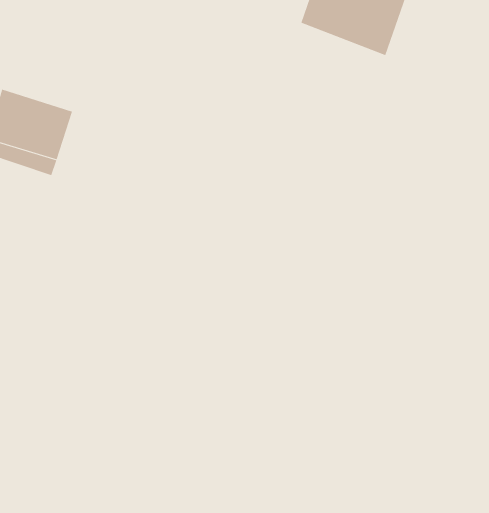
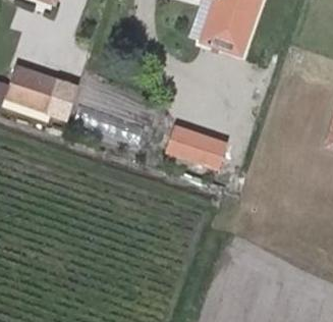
building: none -> [168,124,224,164]

